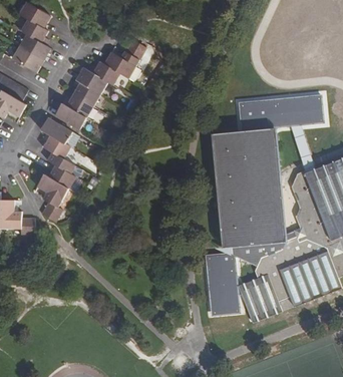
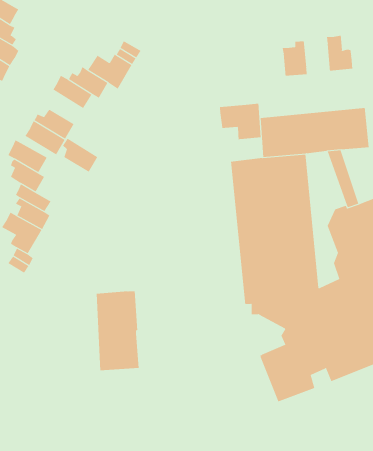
building: none -> [327,35,353,71]
building: none -> [282,40,307,76]
building: [72,78,100,105] -> [62,138,98,172]
building: none -> [220,103,261,140]
building: [206,254,240,316] -> [96,291,140,371]

